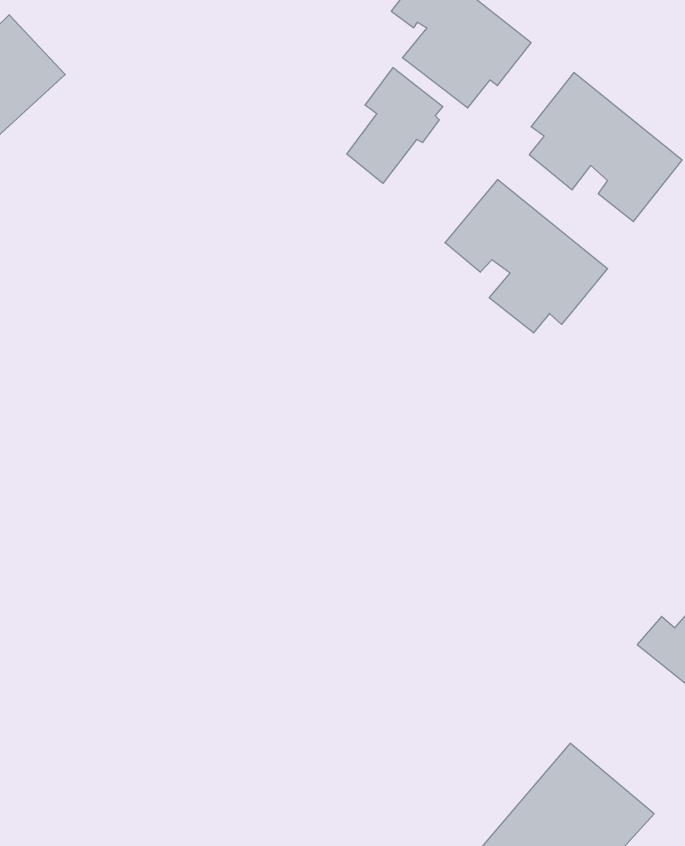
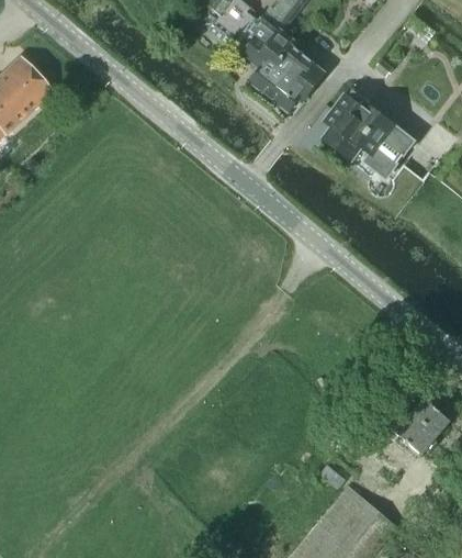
building: [347,68,443,183] -> none
building: [445,180,608,333] -> none

